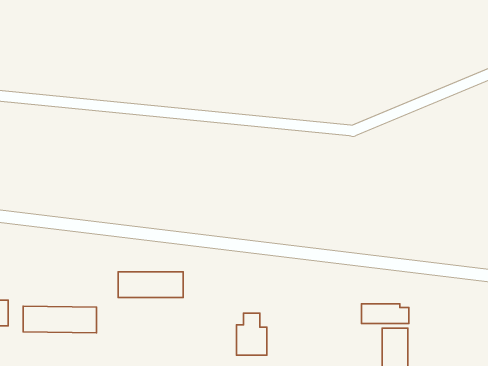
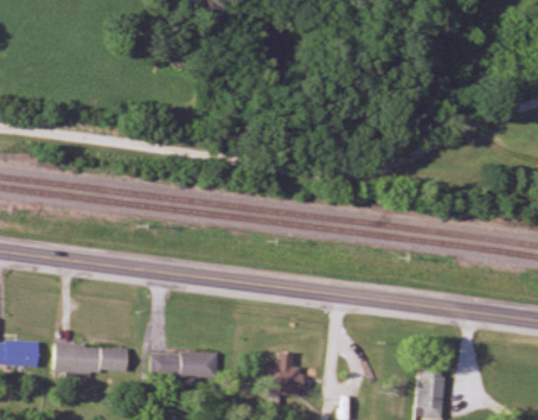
building: [118,272,183,297] -> [150,352,217,378]
building: [362,304,409,323] -> none

